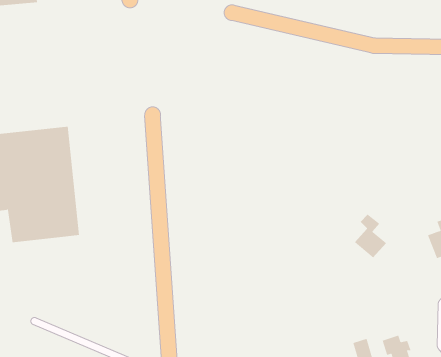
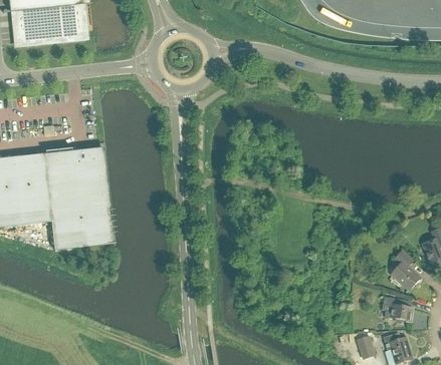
building: [354,214,387,258] -> [390,249,419,288]
building: none -> [382,294,413,321]

